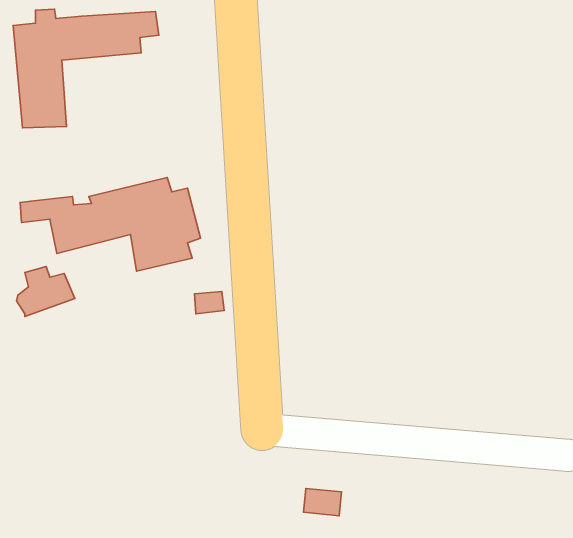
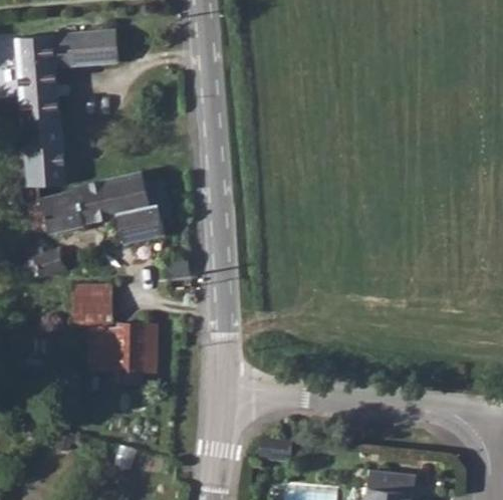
building: none -> [22,127,64,190]
building: none -> [72,277,160,367]

